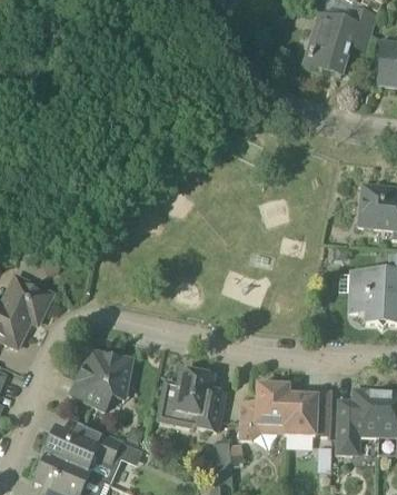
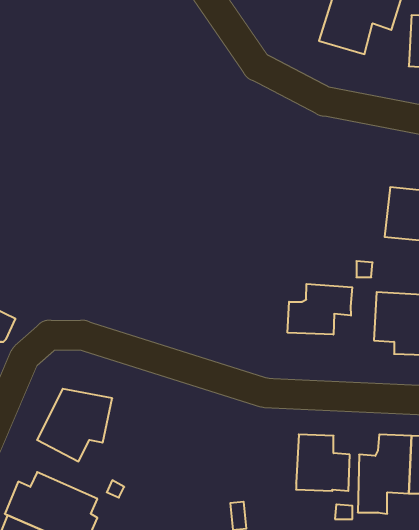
building: none -> [288,284,352,335]
building: [156,369,225,430] -> none
building: [240,385,287,438] -> none

